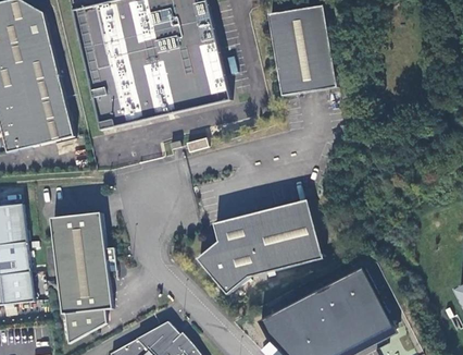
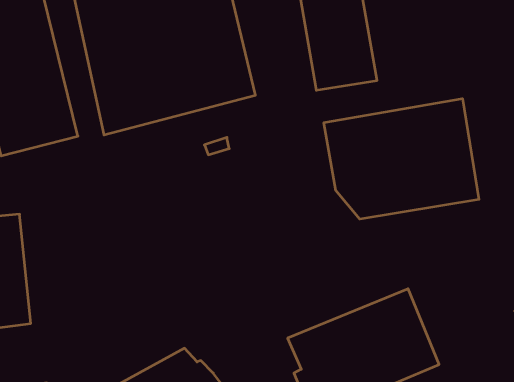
building: none -> [324,99,479,219]
building: [198,198,322,294] -> none
building: [52,213,115,343] -> none

